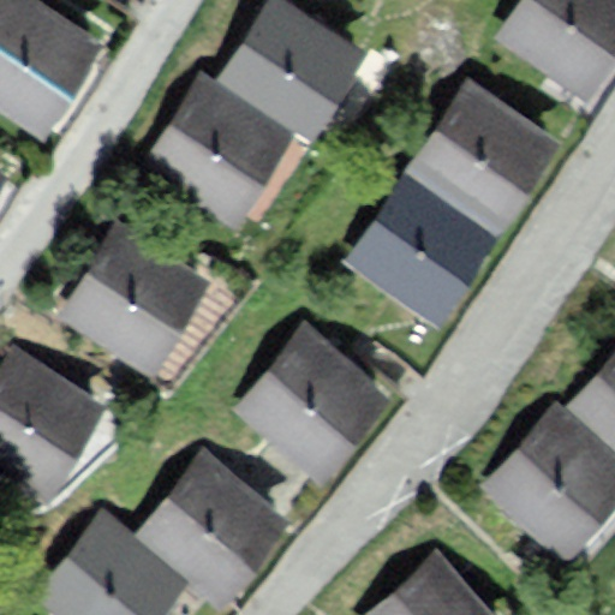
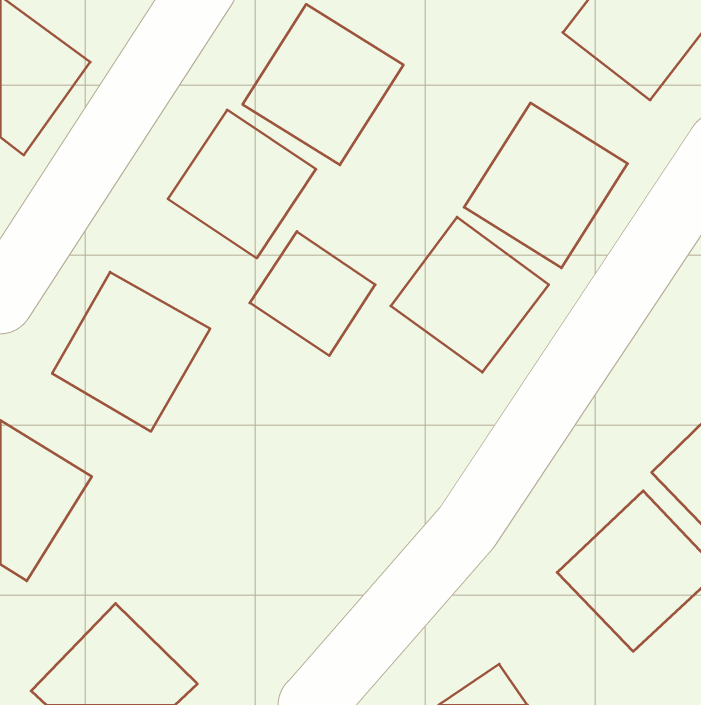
building: none -> [250,231,375,356]
building: [229,322,384,478] -> none
building: [141,458,280,596] -> none

